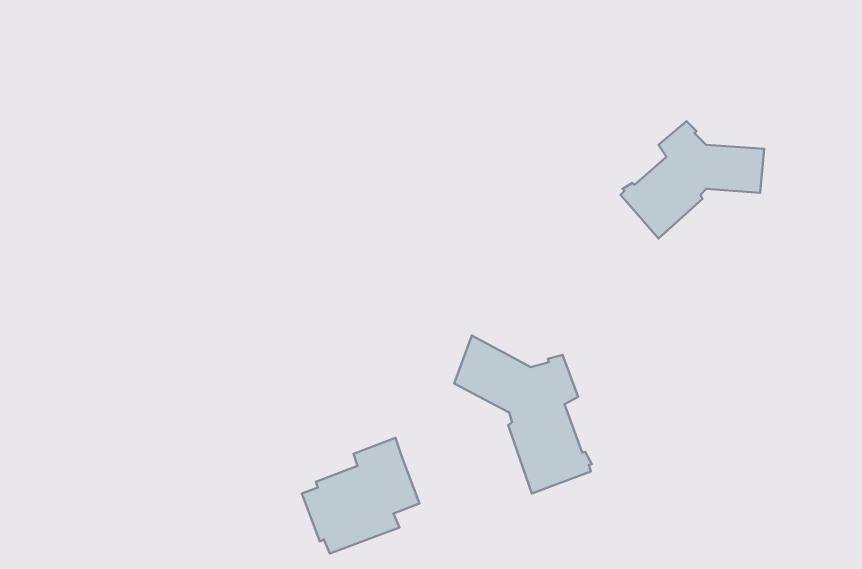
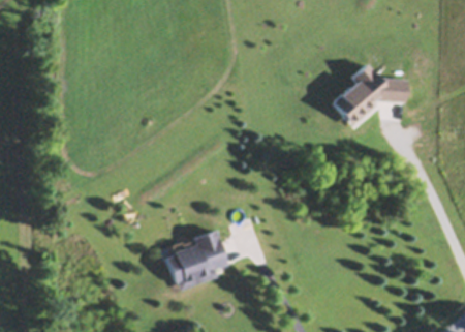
building: [454,336,592,493] -> none

